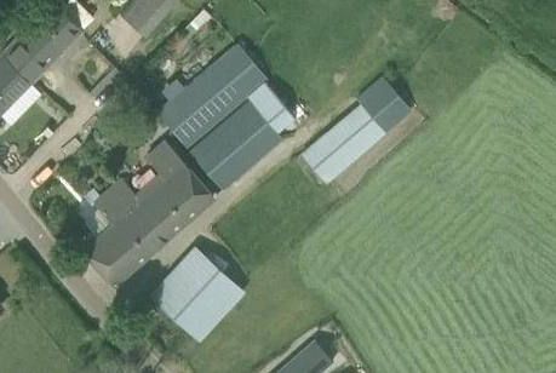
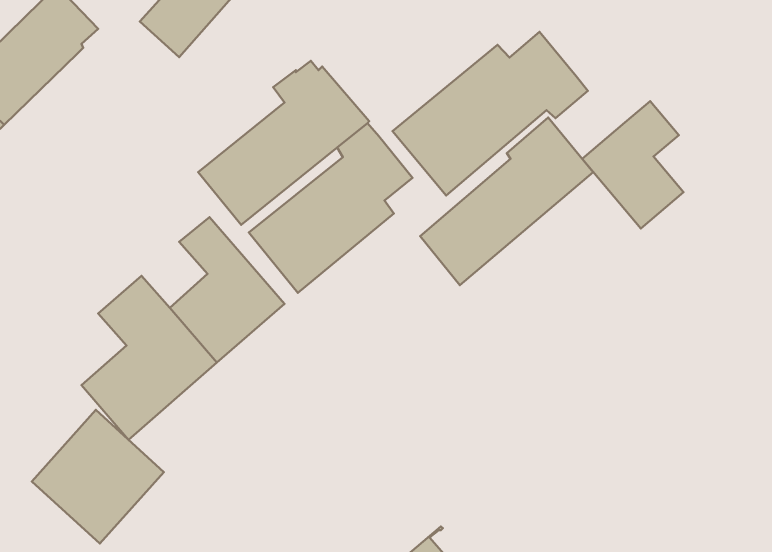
building: none -> [392,32,588,195]
building: none -> [582,101,683,228]
building: [150,251,235,337] -> [32,410,164,544]

